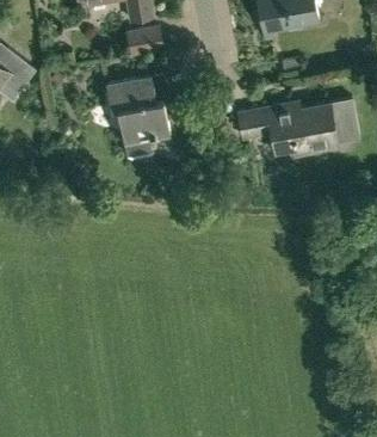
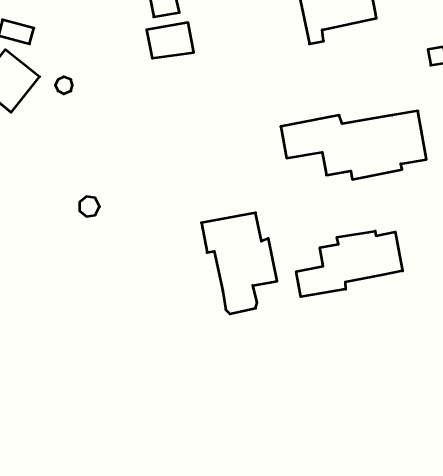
building: [105,74,168,159] -> [201,213,277,314]
building: none -> [296,231,403,297]

